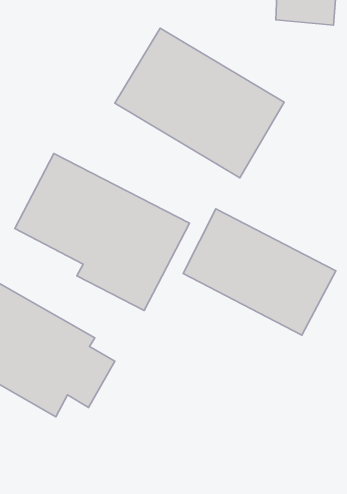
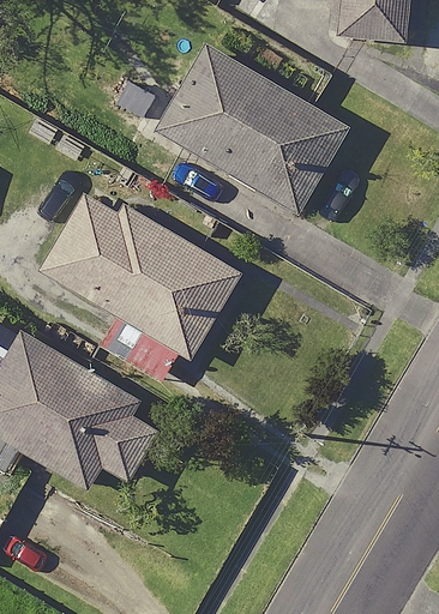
building: [183,209,336,335] -> none

